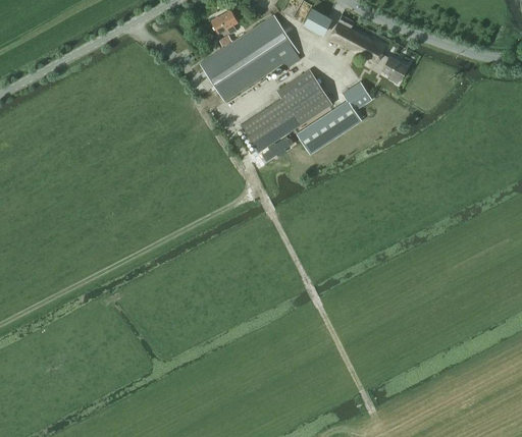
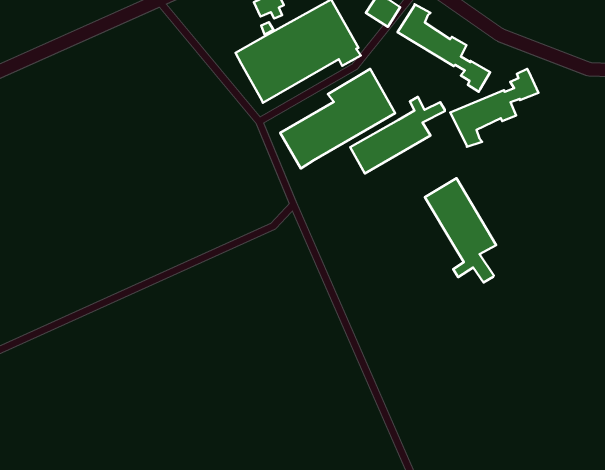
building: none -> [450,69,539,147]
building: none -> [425,178,496,282]

